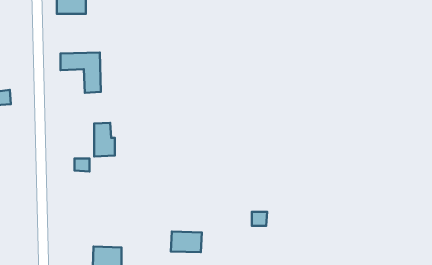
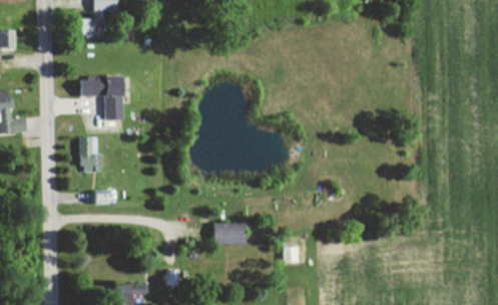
building: [94,123,115,157] -> [80,135,102,172]
building: [171,232,202,252] -> [212,222,245,244]

